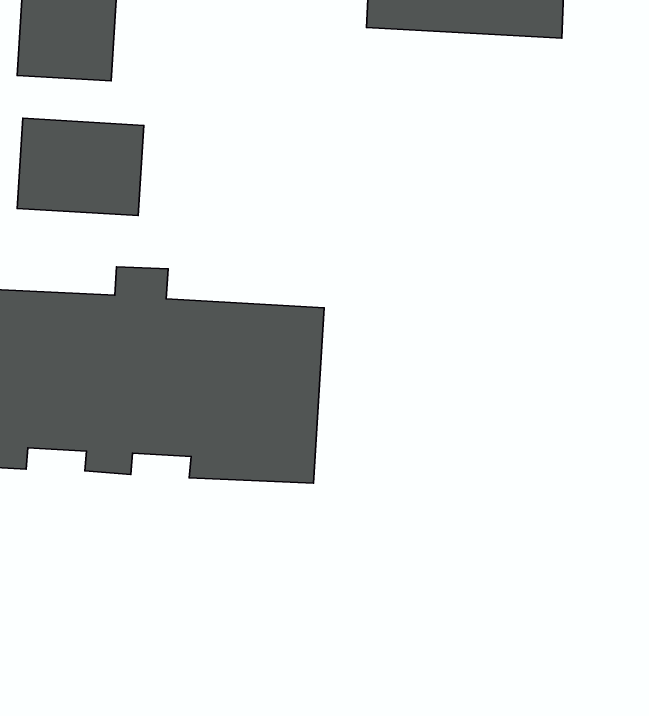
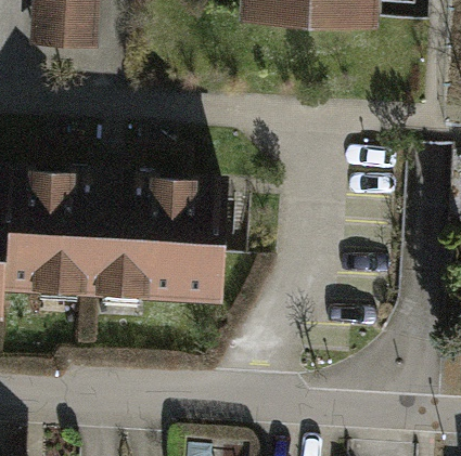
building: [17,118,144,216] -> none

